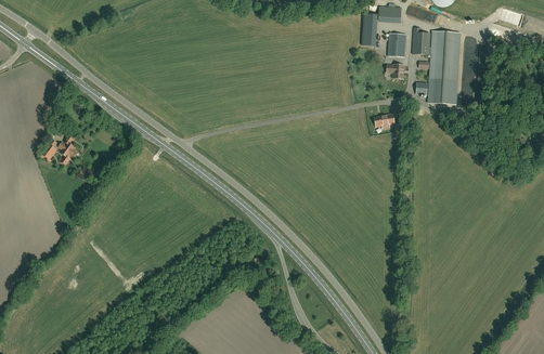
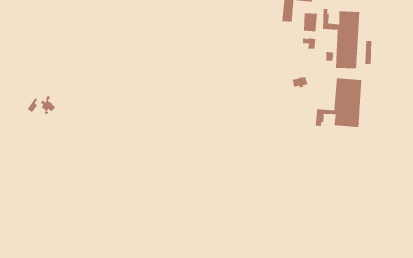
building: none -> [315,78,362,128]

